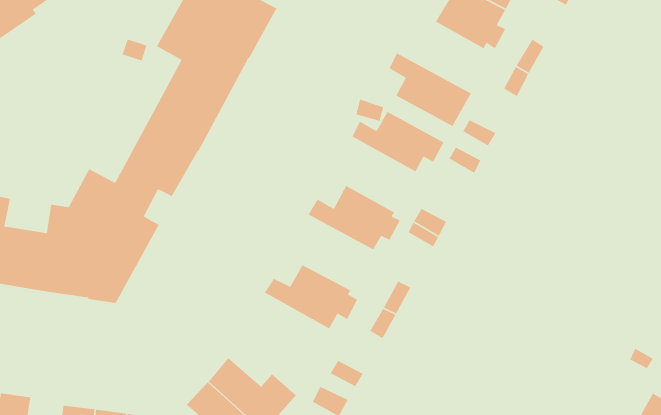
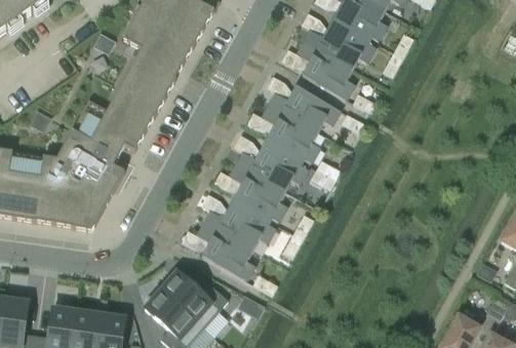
building: none -> [303,20,373,73]
building: none -> [262,106,318,162]
building: none -> [230,164,285,222]
building: none -> [197,223,253,280]

